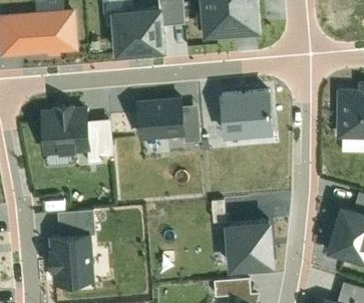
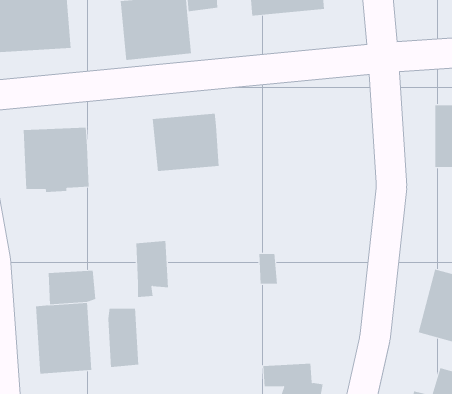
building: [221,90,271,136] -> none
building: [181,107,201,140] -> none
building: [88,120,112,162] -> [136,241,169,297]
building: [224,226,273,275] -> none
building: none -> [108,308,139,368]

